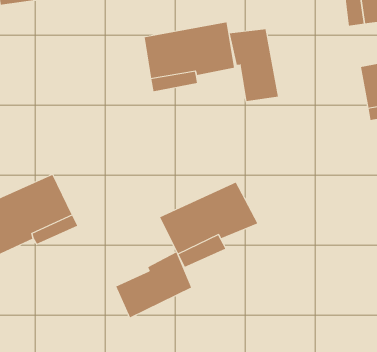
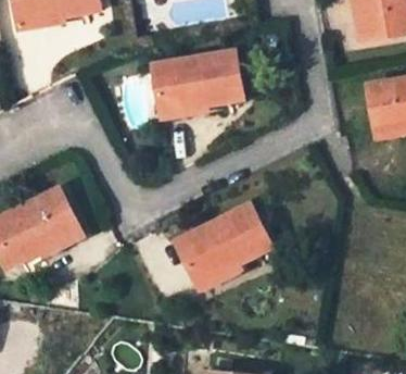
building: [229,28,278,102] -> none
building: [115,251,192,318] -> none

